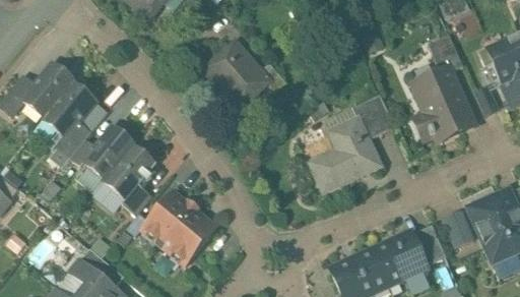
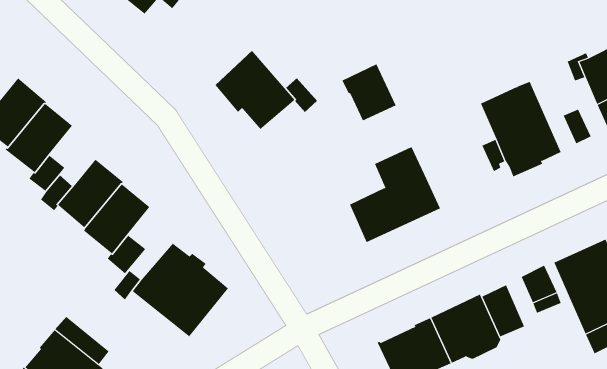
building: [428,35,463,71] -> none
building: [352,95,395,139] -> [341,63,396,121]

